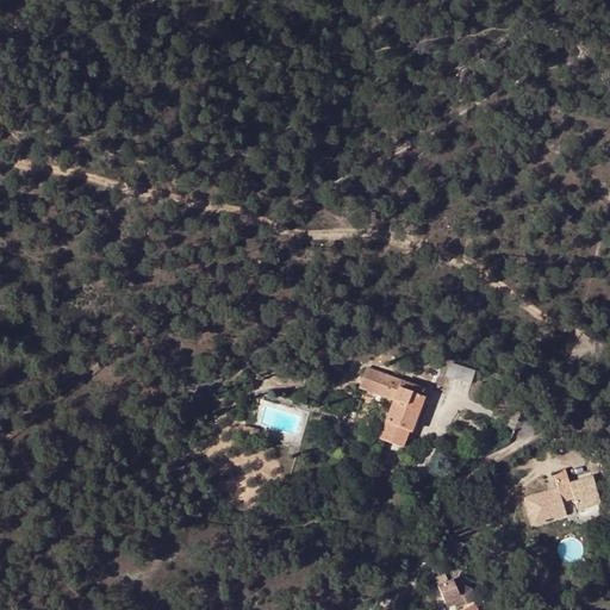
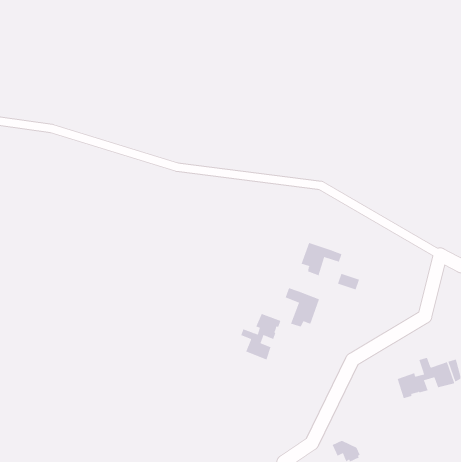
building: none -> [301,242,342,276]
building: none -> [241,313,281,360]

